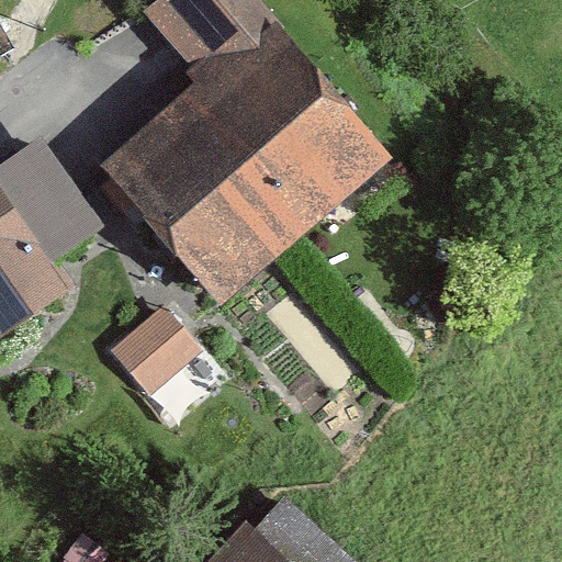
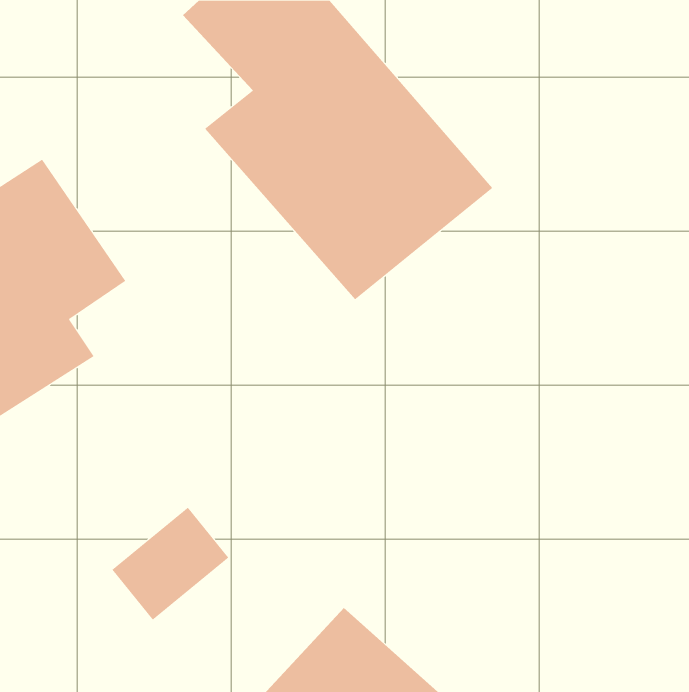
building: [98,110,284,304] -> none
building: [100,304,194,395] -> [111,507,229,621]

